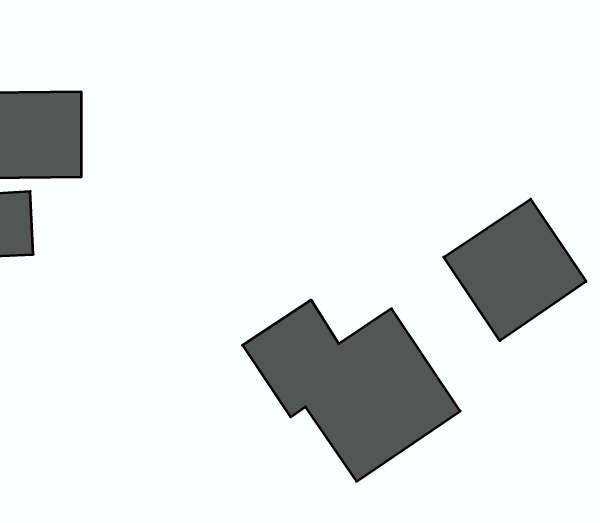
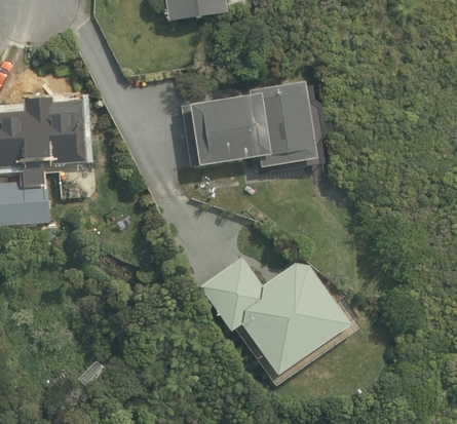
building: none -> [184,82,321,174]
building: [444,199,586,341] -> none

